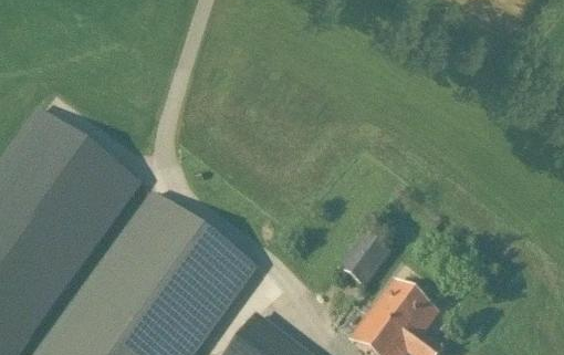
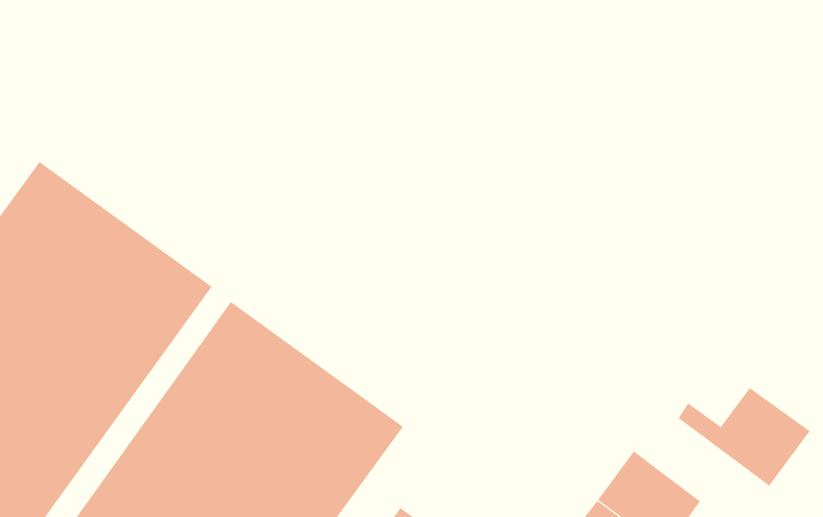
building: [338,230,391,285] -> none
building: none -> [678,387,810,486]

